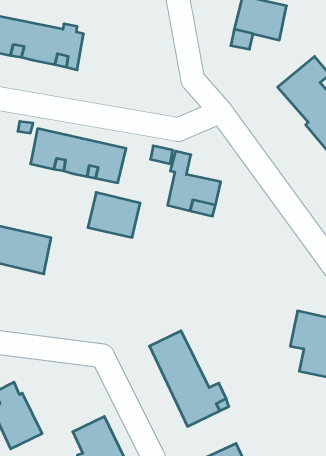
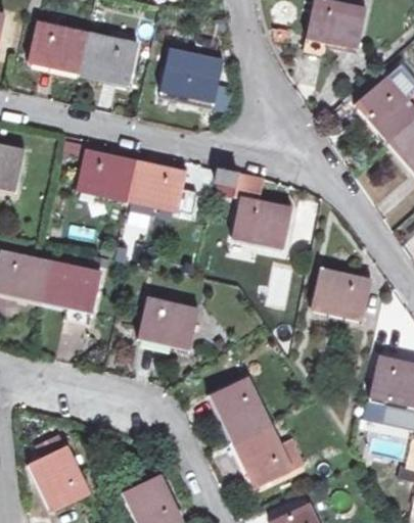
building: none -> [162,50,224,107]
building: [88,192,140,237] -> [139,298,198,349]
building: none -> [312,268,371,318]

